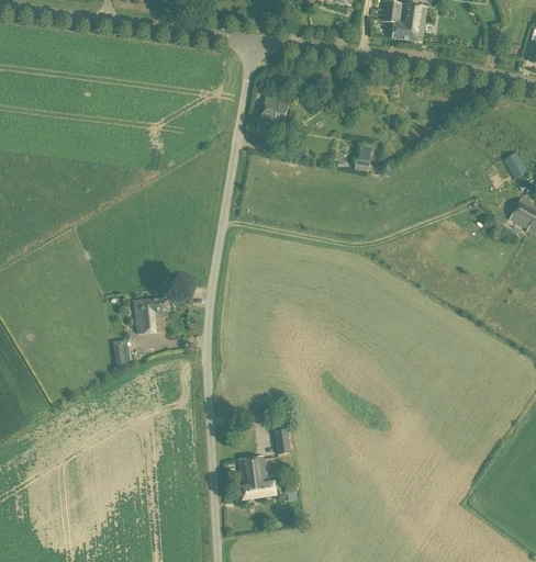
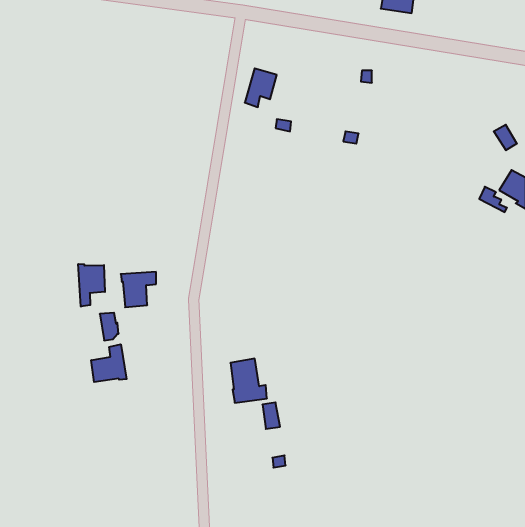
building: none -> [78,264,105,307]
building: none -> [91,344,127,382]
building: [238,454,275,498] -> [230,359,267,403]

